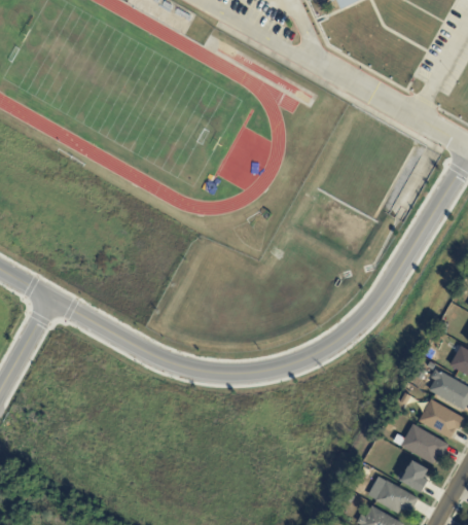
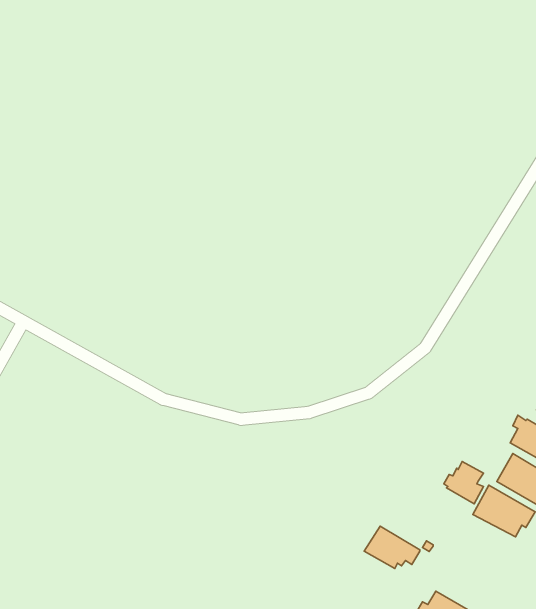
building: [398,460,429,493] -> [444,461,483,504]
building: [374,480,418,513] -> [364,526,420,568]

